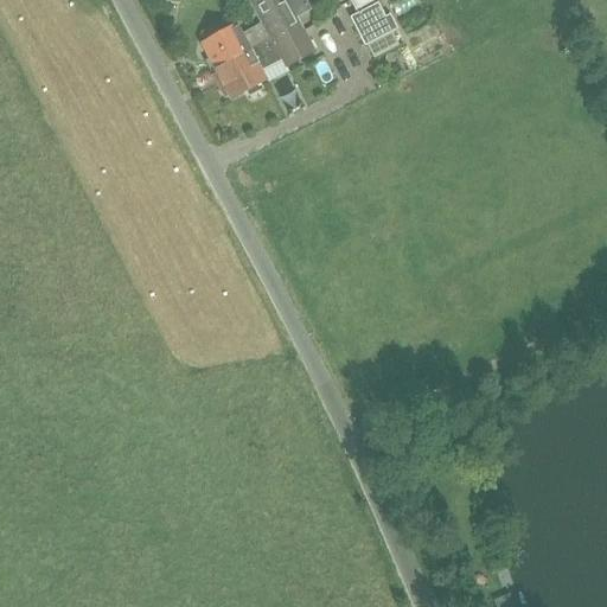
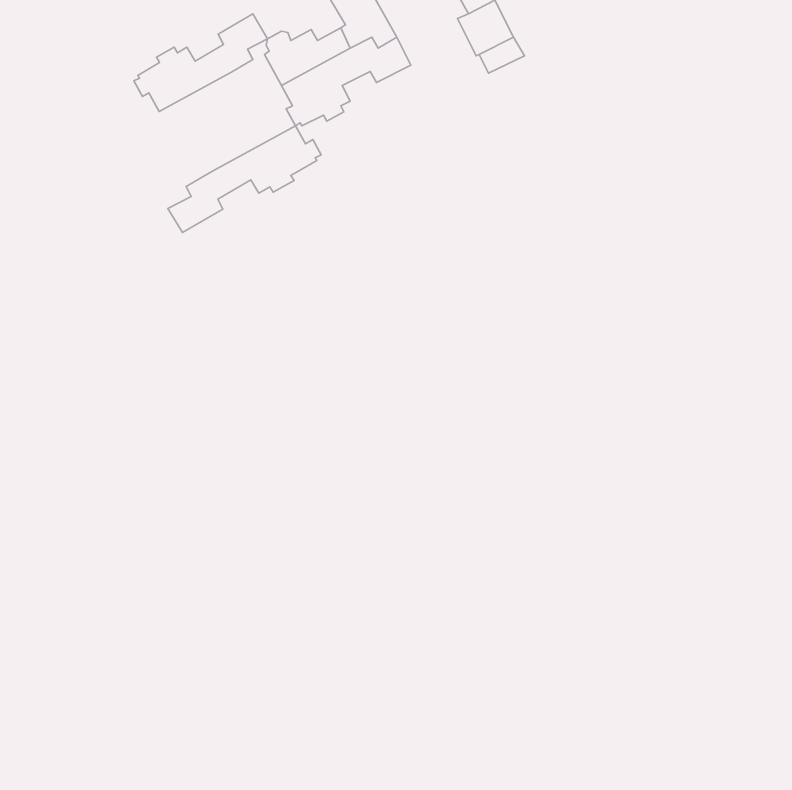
building: none -> [134,14,268,111]
building: none -> [168,126,321,233]

